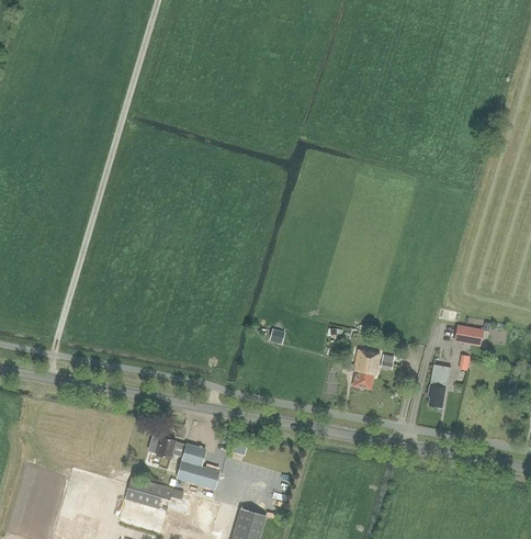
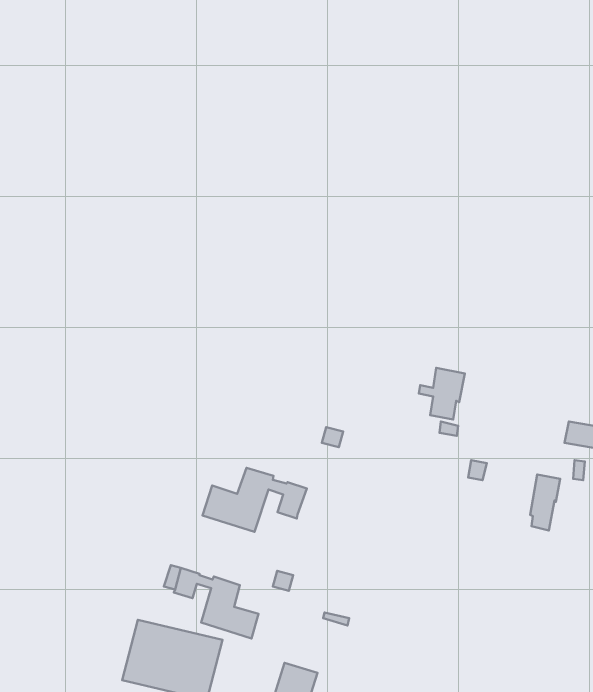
building: [344,349,380,389] -> [419,368,465,420]
building: none -> [202,468,307,532]

